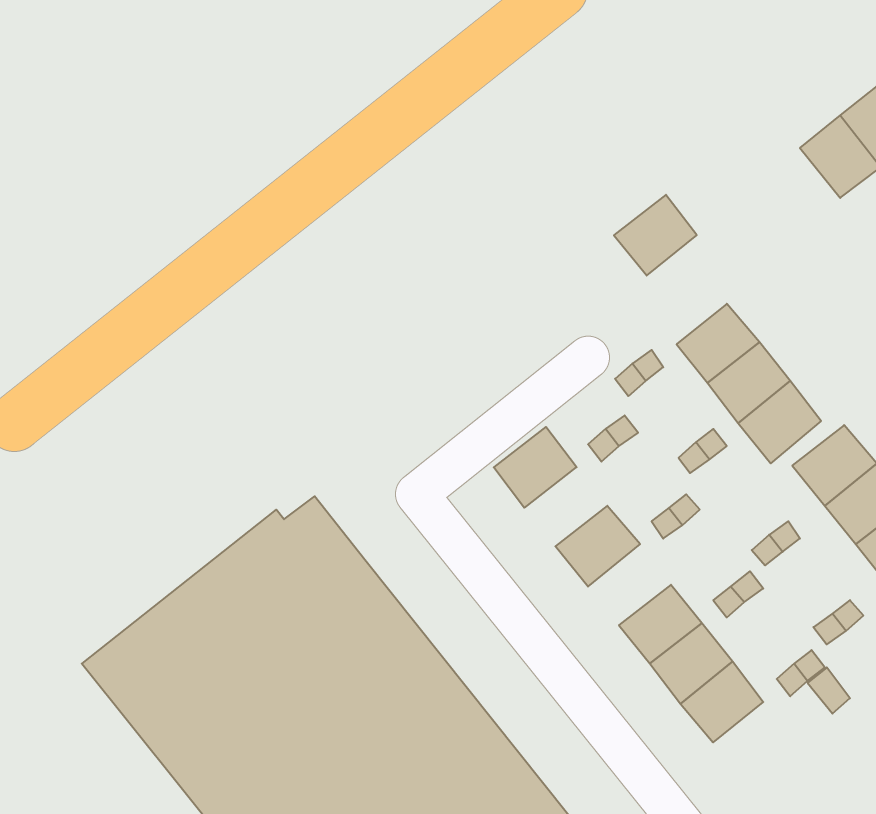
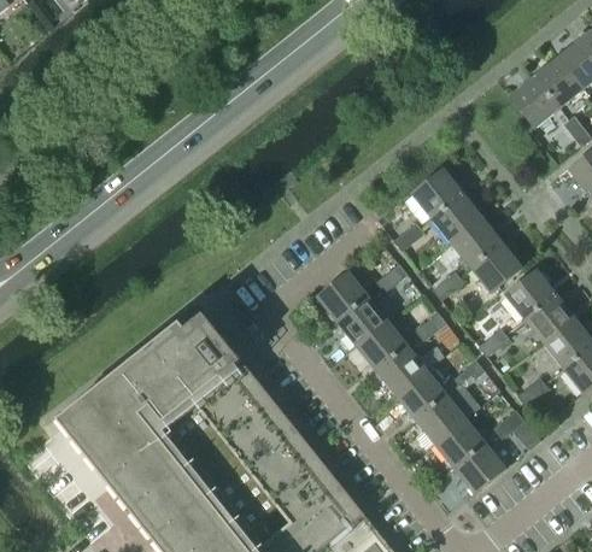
building: [614,195,697,276] -> [410,169,462,219]
building: none -> [335,296,387,346]
building: none -> [375,345,427,395]
building: none -> [453,444,505,494]

